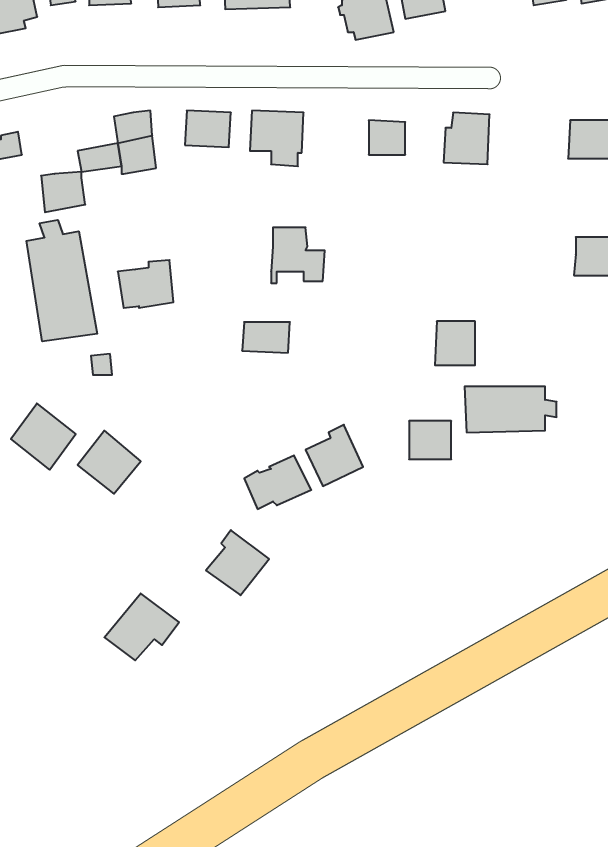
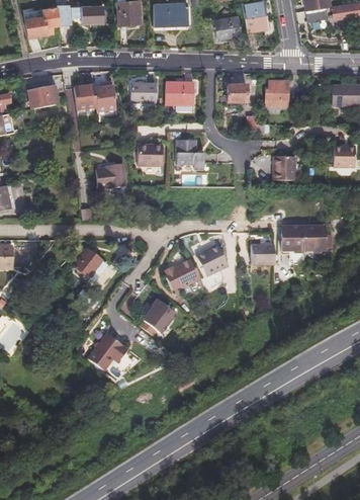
building: [41,172,85,212] -> [72,79,95,100]
building: [26,220,97,341] -> none
building: [435,321,475,365] -> [272,156,293,179]
building: [242,322,290,353] -> [138,150,163,166]
building: [11,403,76,470] -> none

